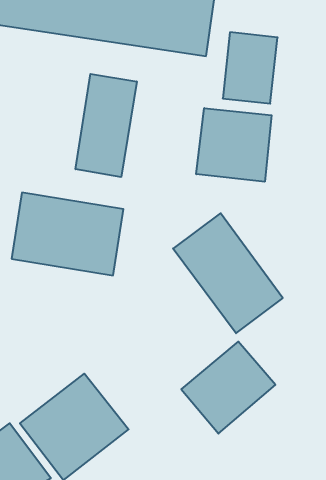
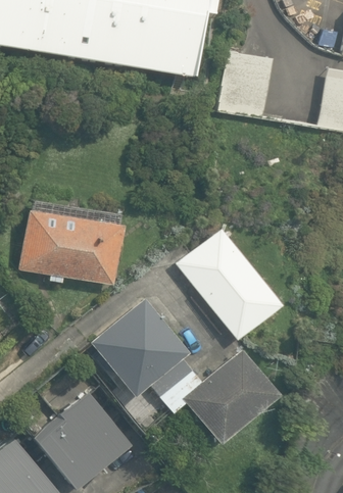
building: [76,74,137,177] -> none
building: [196,108,272,182] -> none
building: none -> [94,295,199,405]

